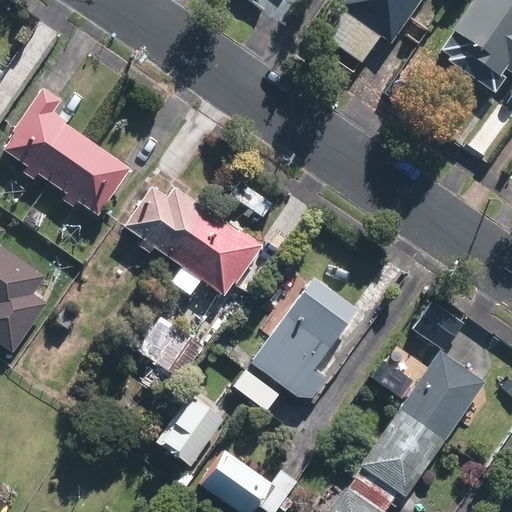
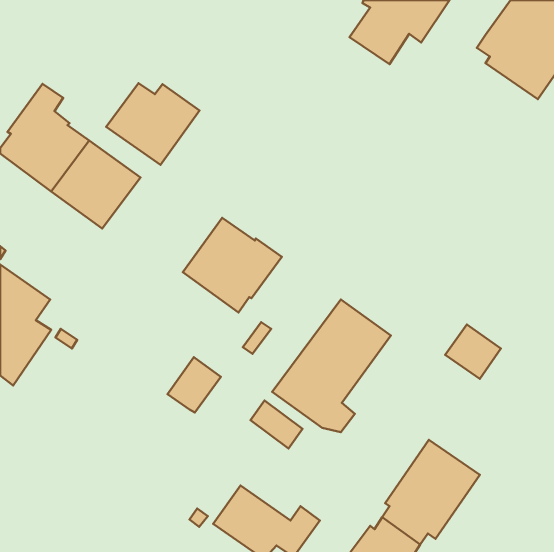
building: [120,179,206,254] -> [106,83,200,165]
building: [396,351,482,440] -> none
building: [158,398,226,469] -> none

